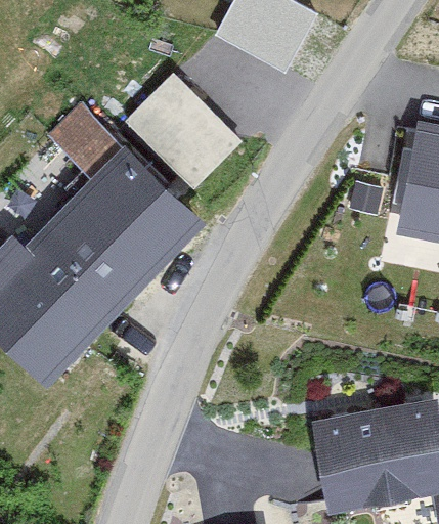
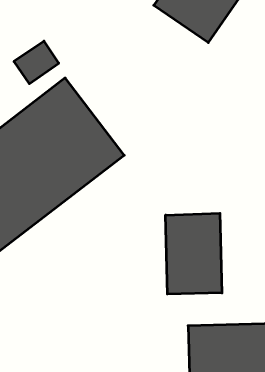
building: [124,67,242,183] -> none
building: none -> [166,213,222,294]

